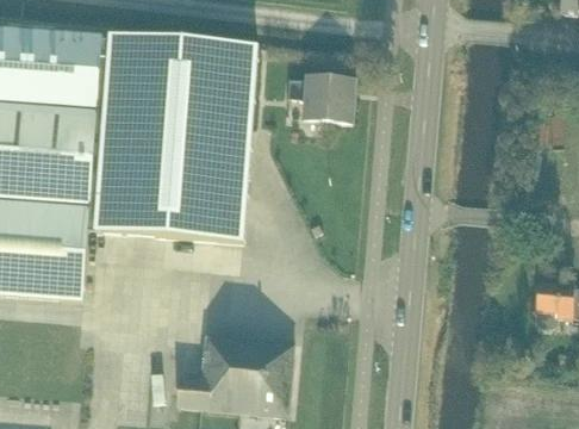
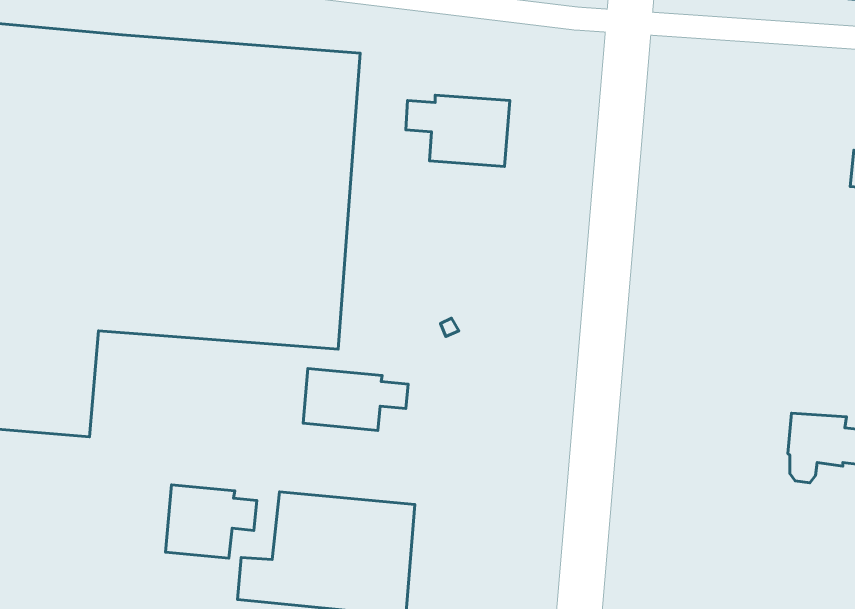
building: none -> [303,368,408,430]
building: none -> [166,485,257,558]

